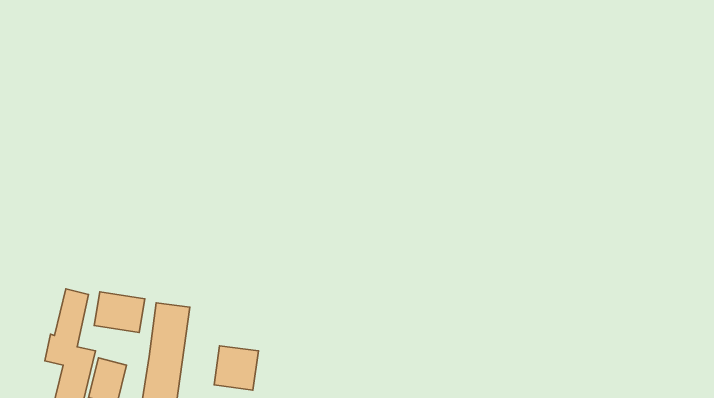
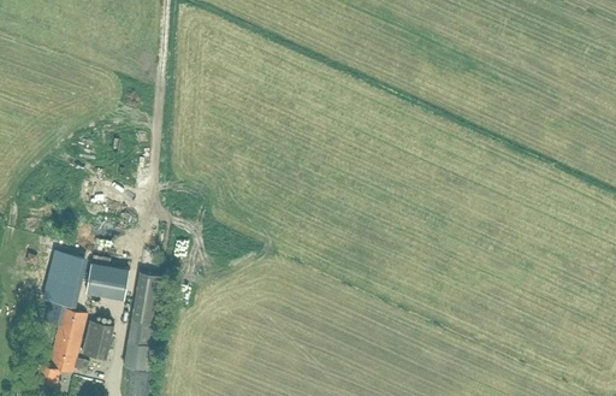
building: [214,346,258,390] -> none

